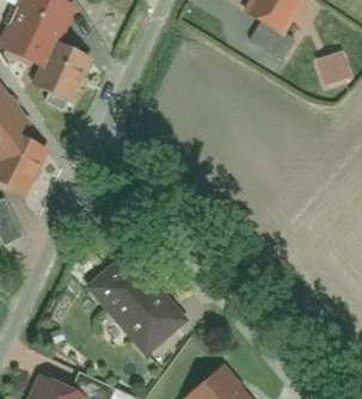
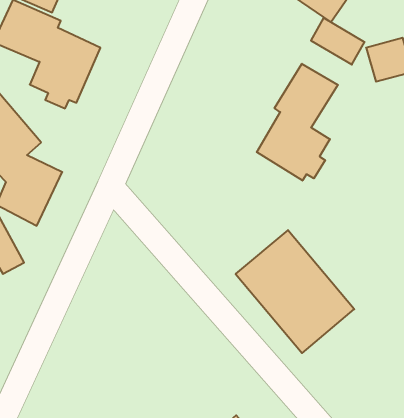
building: none -> [257,64,338,181]
building: [85,247,185,351] -> [236,230,354,353]

